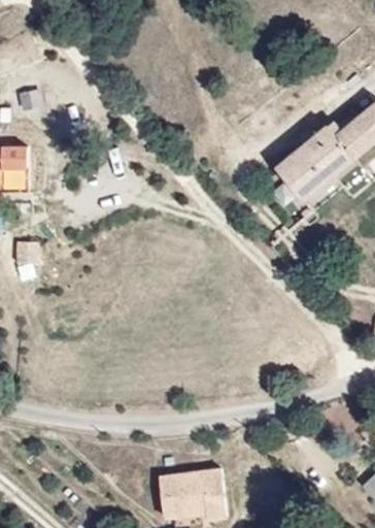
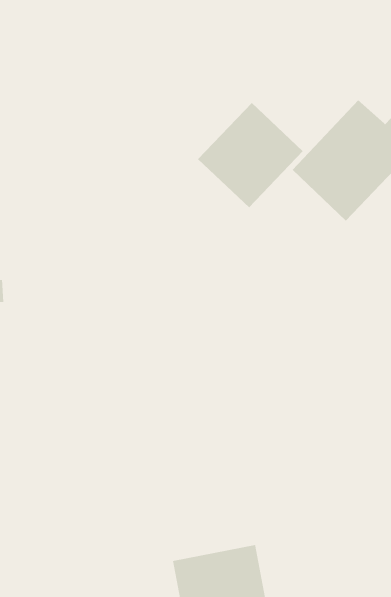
building: none -> [197,102,304,208]

